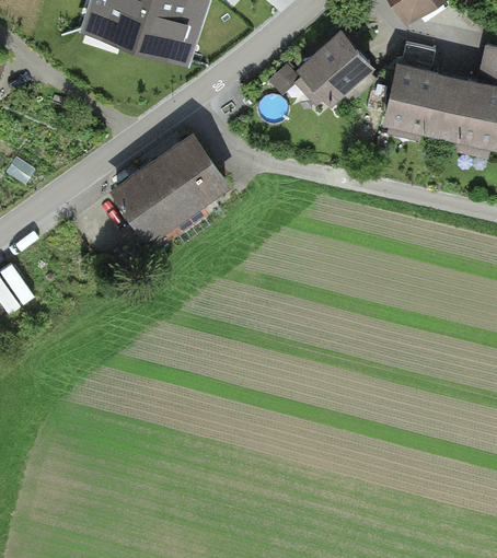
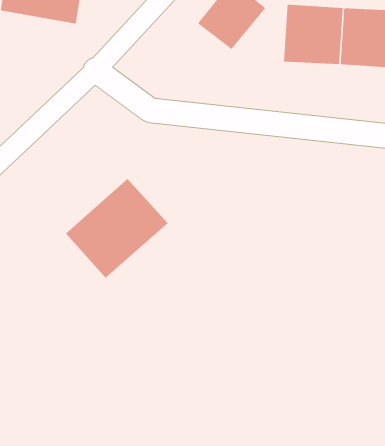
building: [119,135,228,235] -> [65,178,169,279]

